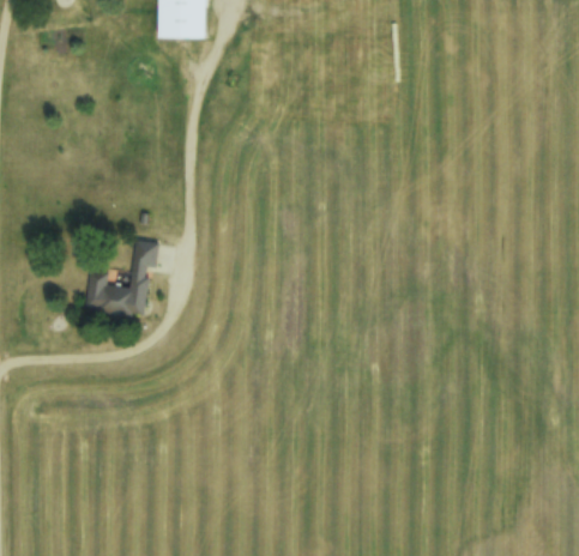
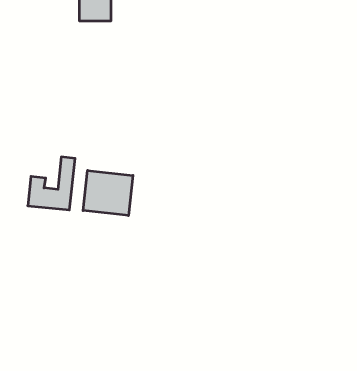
building: none -> [83,170,133,216]

